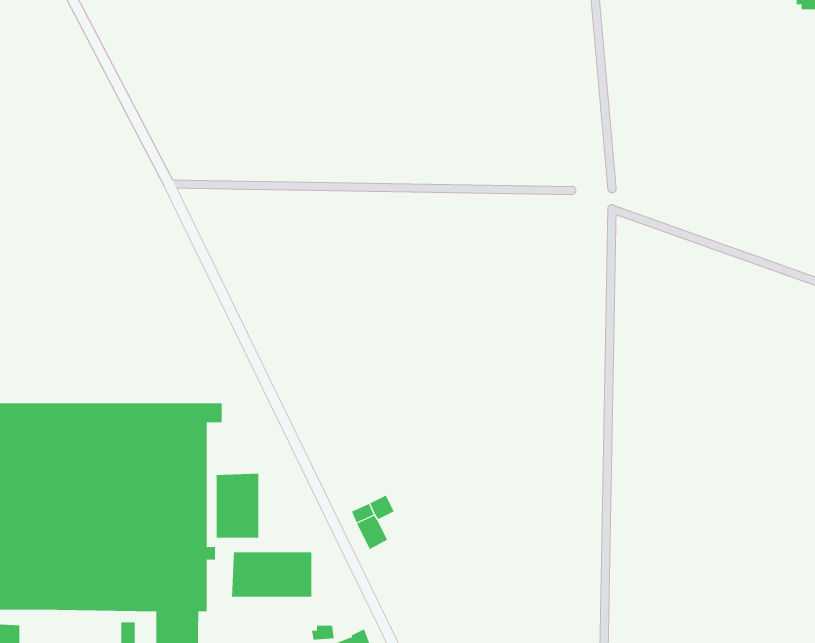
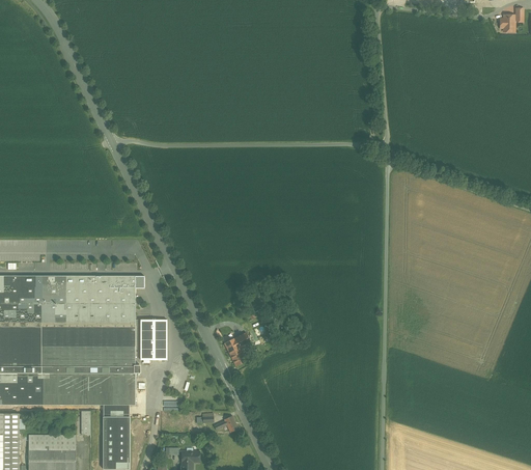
building: [232,551,312,597] -> none

